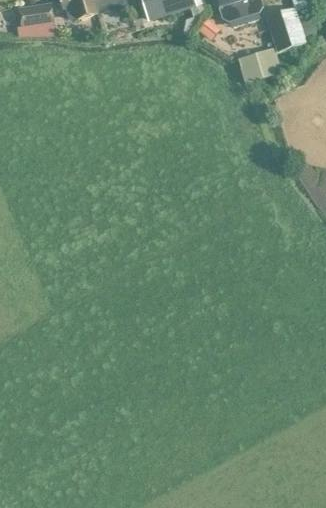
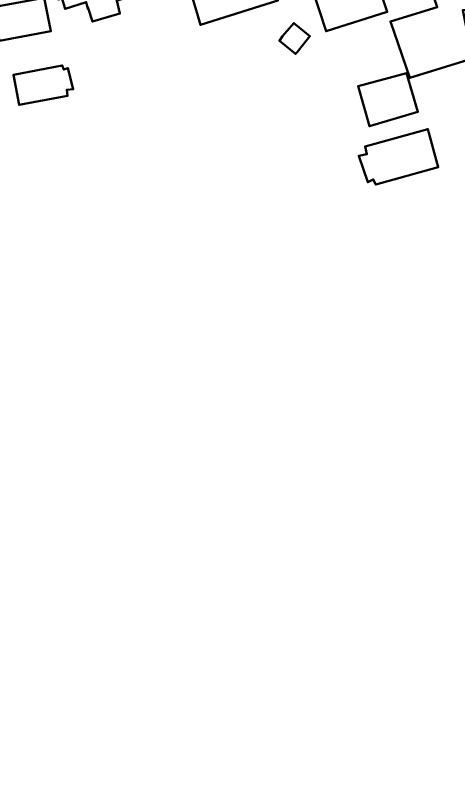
building: none -> [14,66,73,105]
building: none -> [359,129,438,185]

